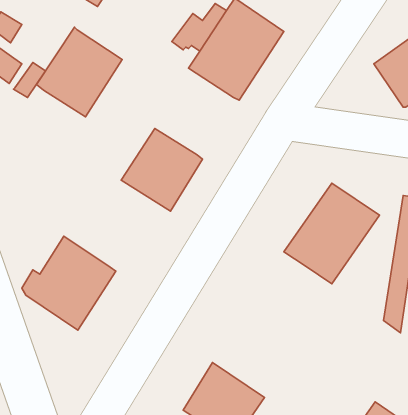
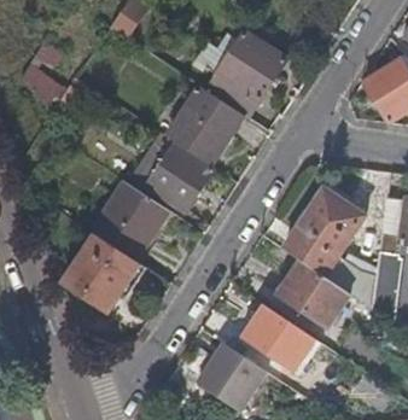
building: [37,27,122,117] -> [168,87,241,164]
building: none -> [92,181,167,261]
building: none -> [280,259,351,326]
building: none -> [245,305,307,373]

